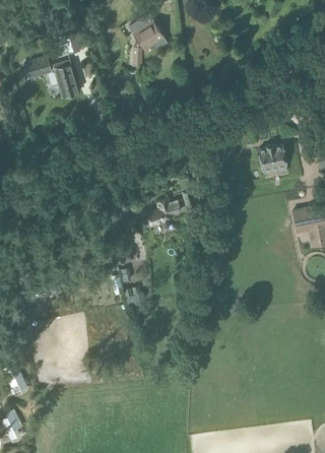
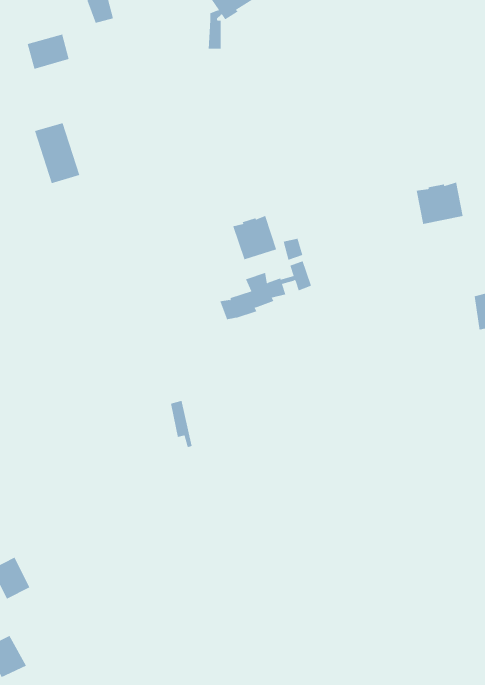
building: [52,55,79,91] -> [34,122,80,184]
building: none -> [233,215,277,260]

